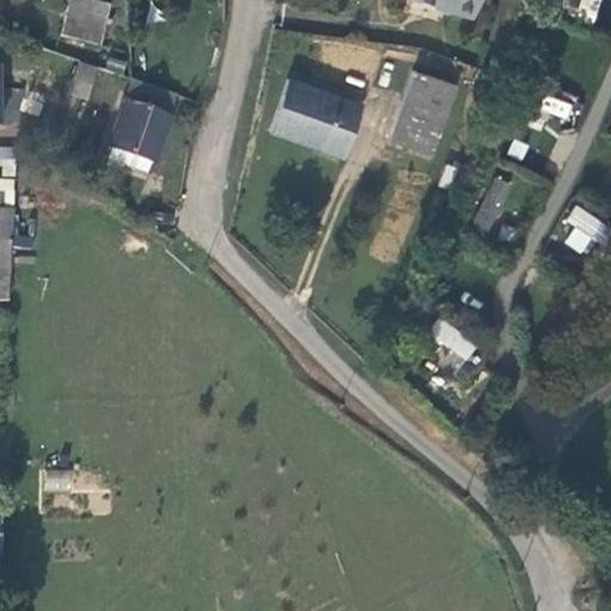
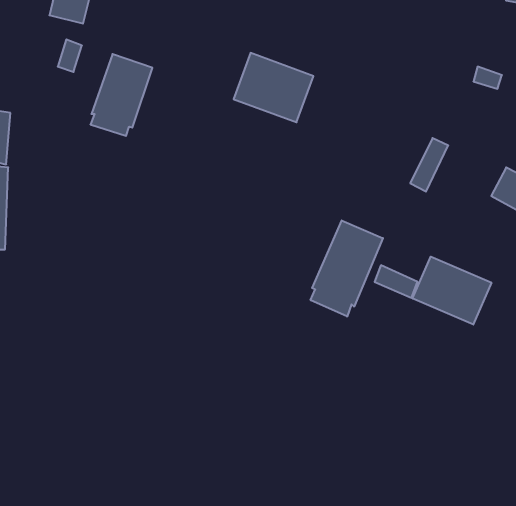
building: [389,70,457,156] -> none
building: none -> [311,220,383,317]
building: none -> [413,257,491,325]

